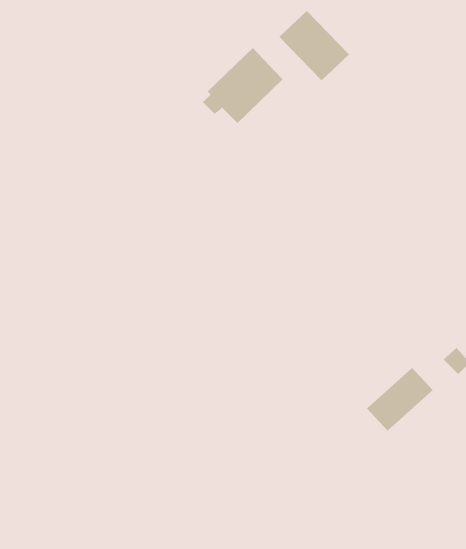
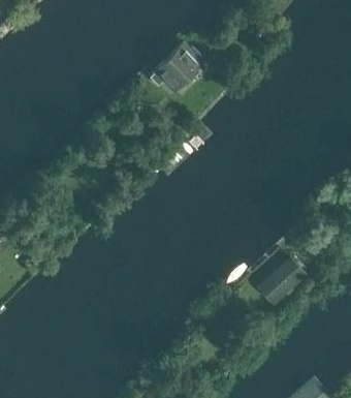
building: [278,10,350,81] -> none

